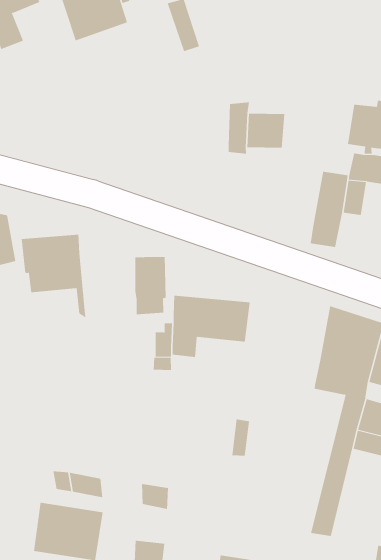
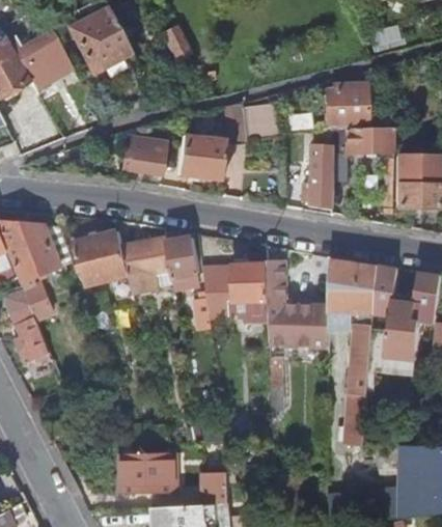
building: none -> [121,138,165,174]
building: none -> [175,136,223,179]
building: none -> [122,237,171,295]
building: none -> [267,259,330,345]

